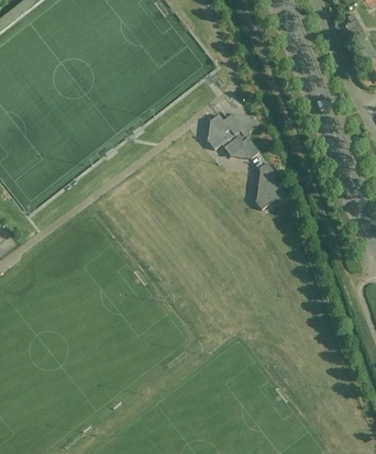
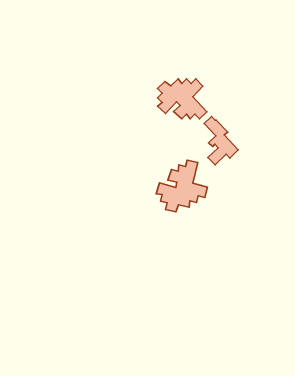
building: none -> [156,160,207,212]

